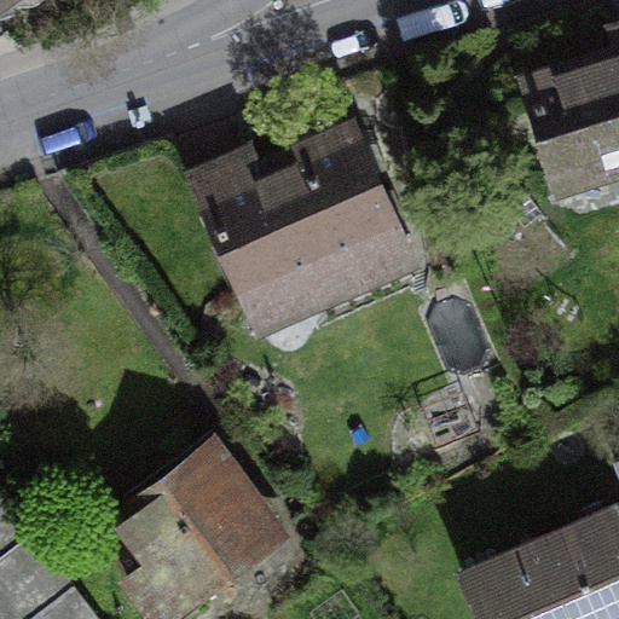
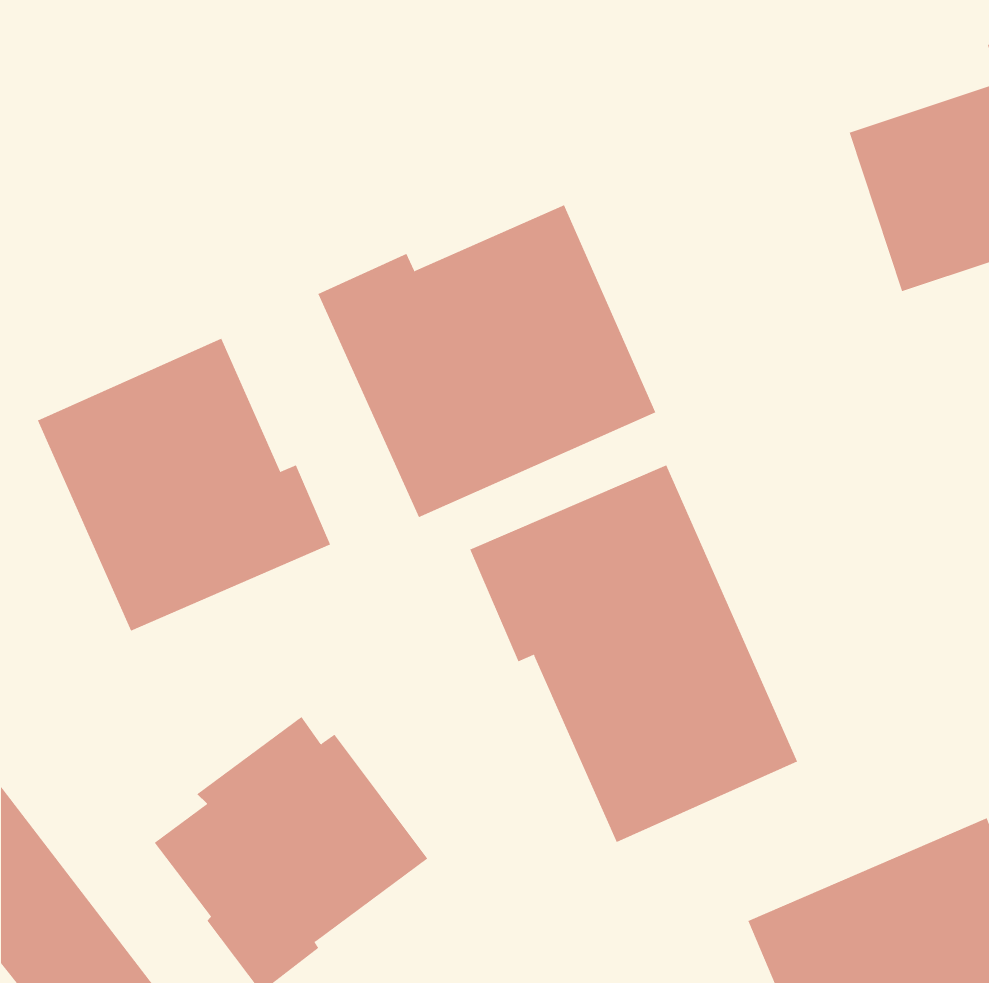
building: none -> [37,338,331,632]
building: none -> [469,465,798,843]

